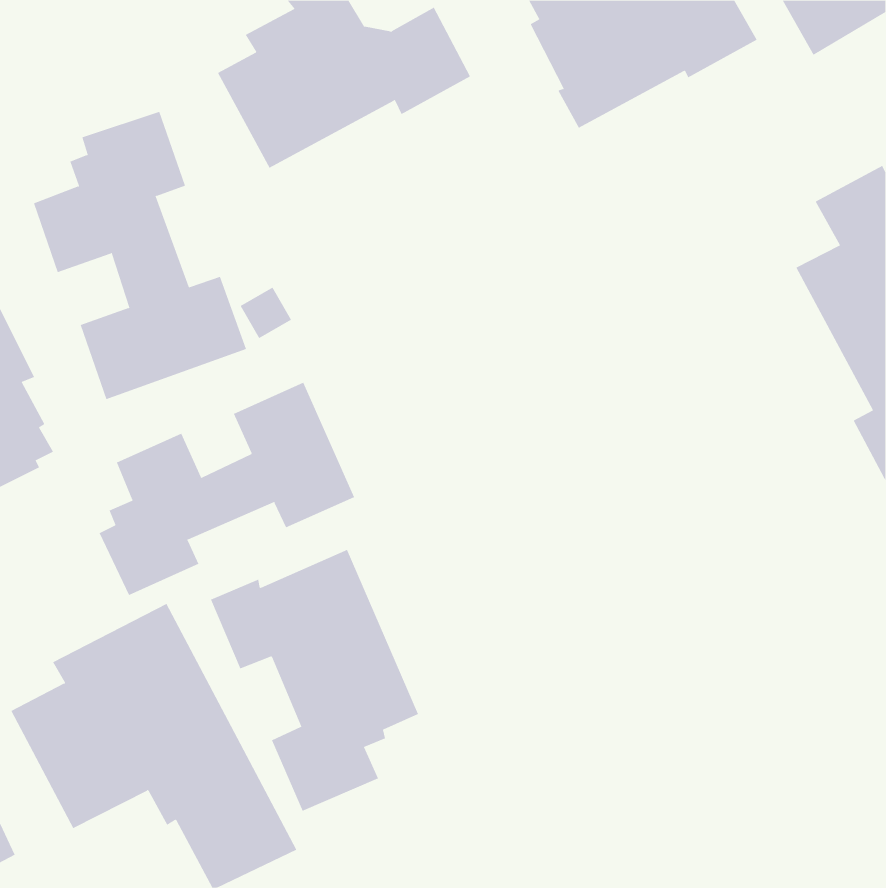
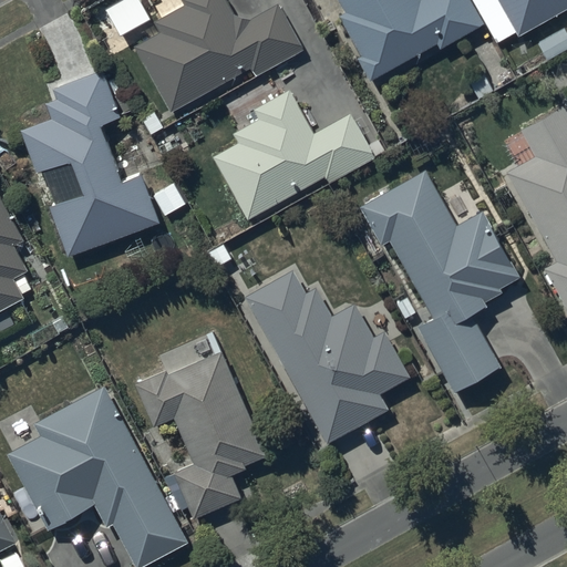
building: none -> [213,89,384,219]
building: none -> [359,169,518,393]
building: [99,382,355,596] -> none
building: none -> [245,268,409,443]

